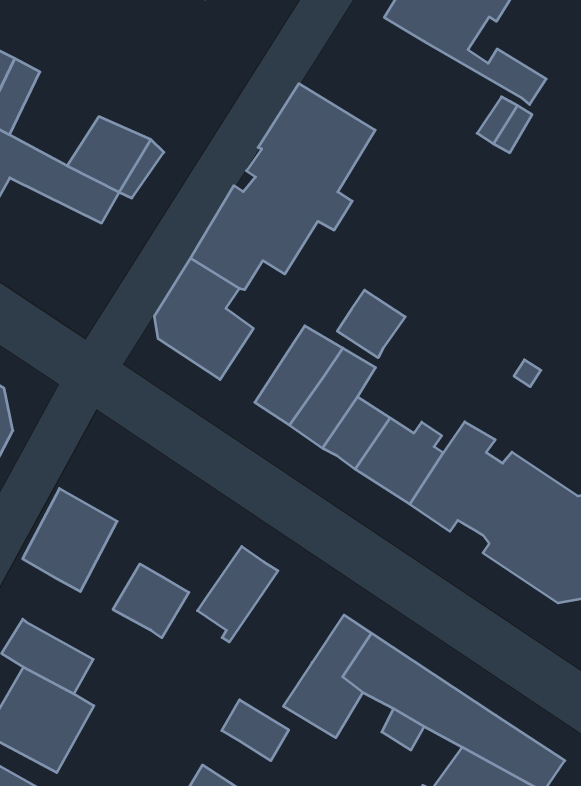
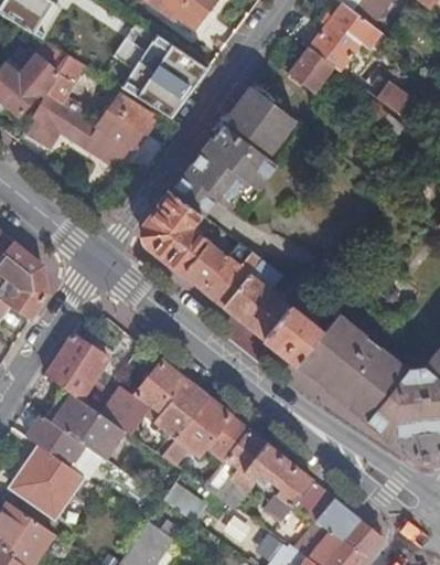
building: none -> [288,49,332,93]
building: none -> [122,36,207,118]
building: [337,290,405,358] -> none
building: none -> [182,241,227,288]
building: none -> [135,361,186,412]
building: none -> [162,397,248,463]
building: none -> [44,388,124,456]

